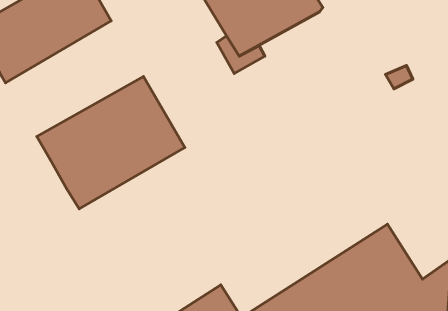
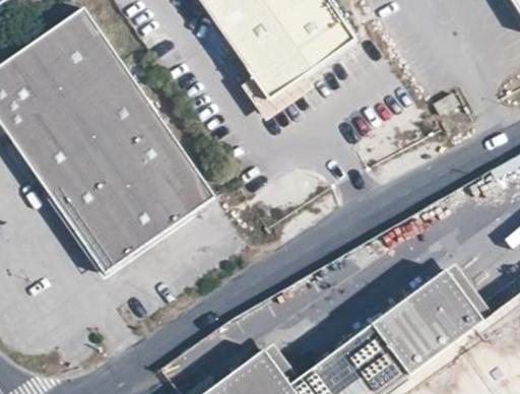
building: none -> [12,65,164,198]

